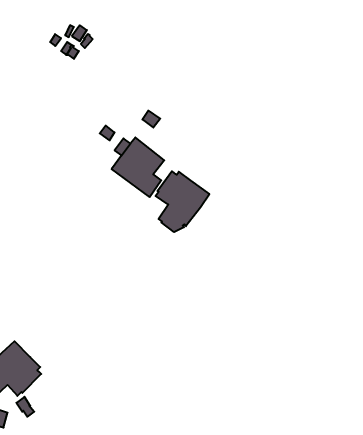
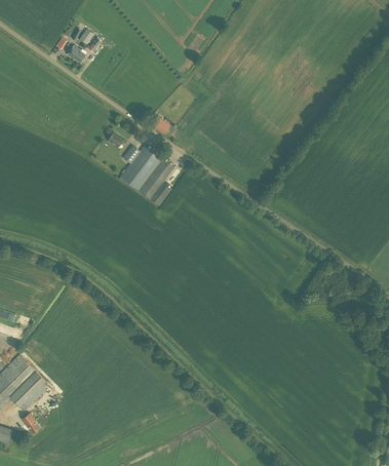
building: [156,171,209,232] -> none

